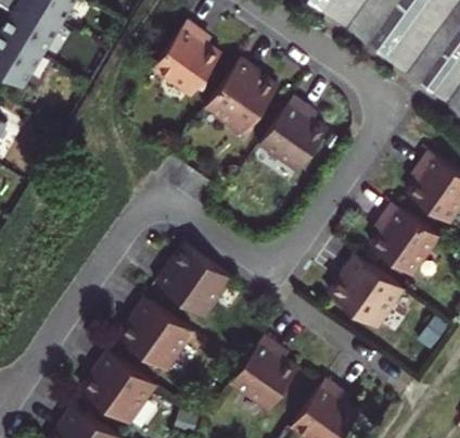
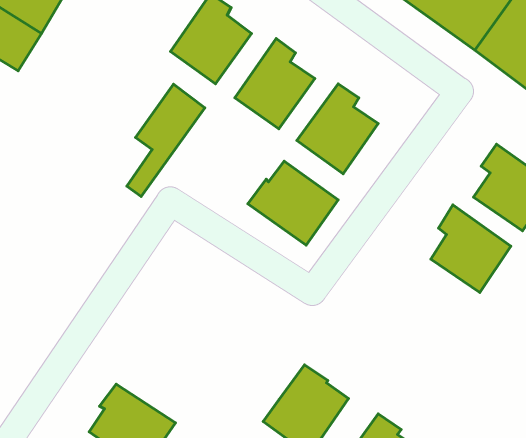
building: none -> [127,84,205,197]
building: [154,247,230,317] -> [248,161,338,245]
building: [334,254,402,327] -> none
building: [119,298,193,371] -> none

